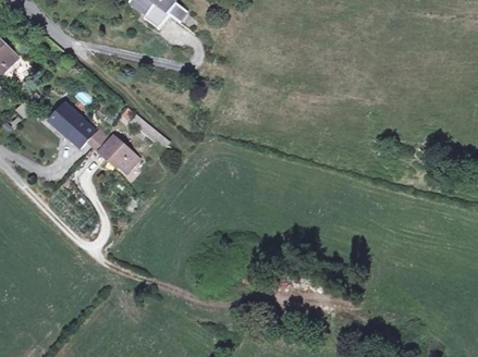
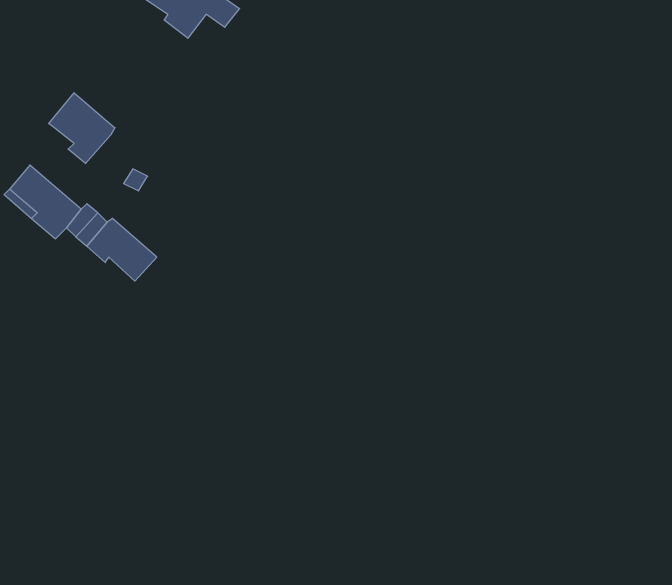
building: none -> [49,93,115,164]

